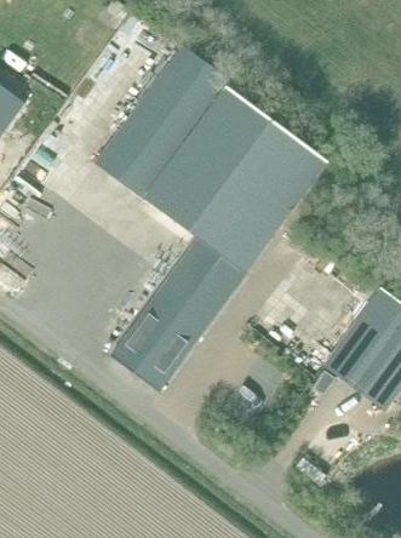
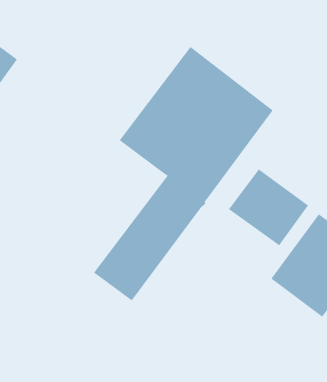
building: [96,46,230,198] -> none
building: none -> [228,168,309,246]

